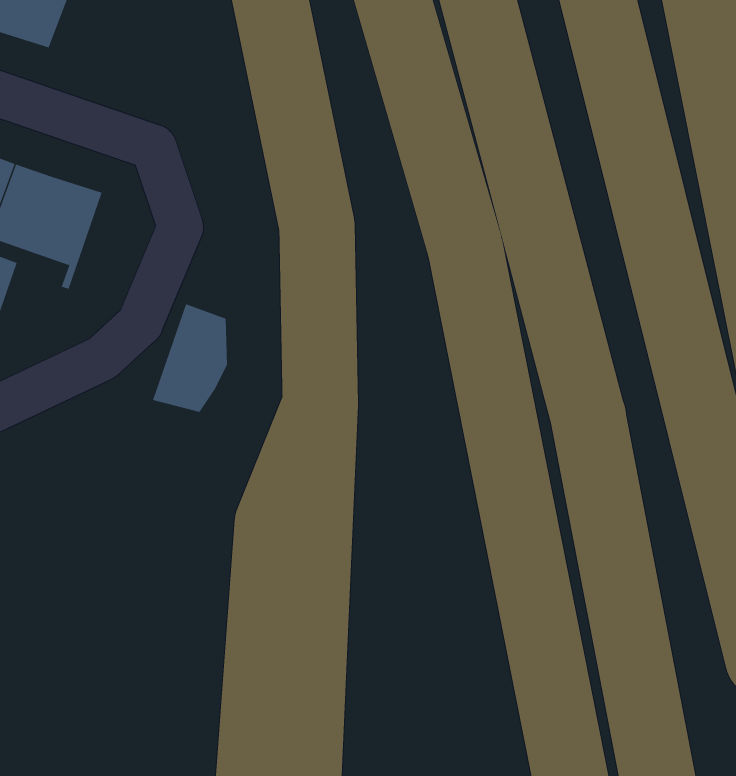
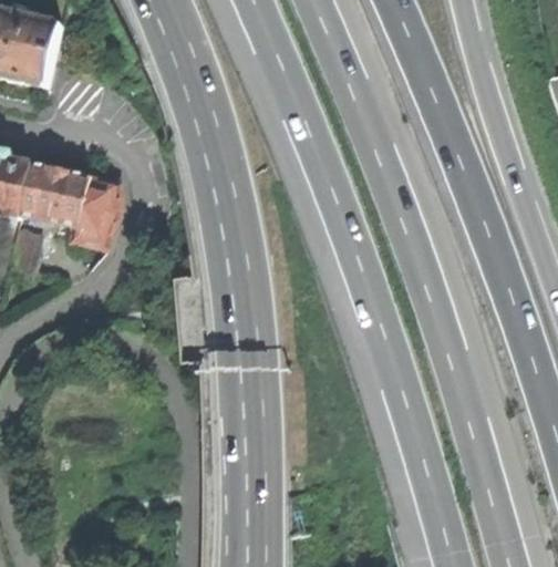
building: [152,304,228,413] -> [71,173,117,243]

